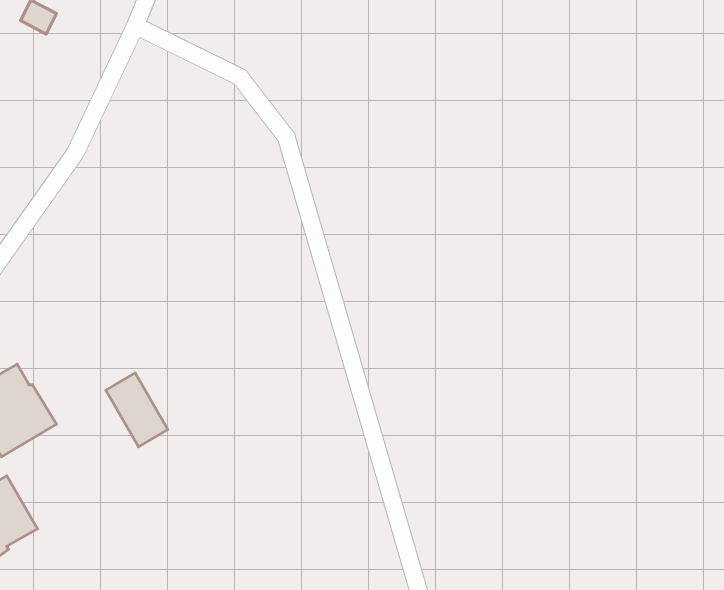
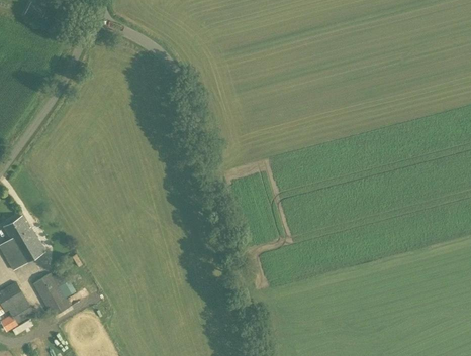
building: [106,373,168,447] -> [32,272,69,316]

